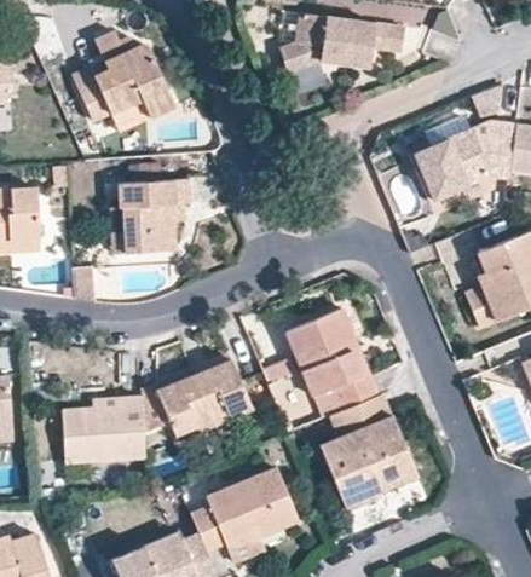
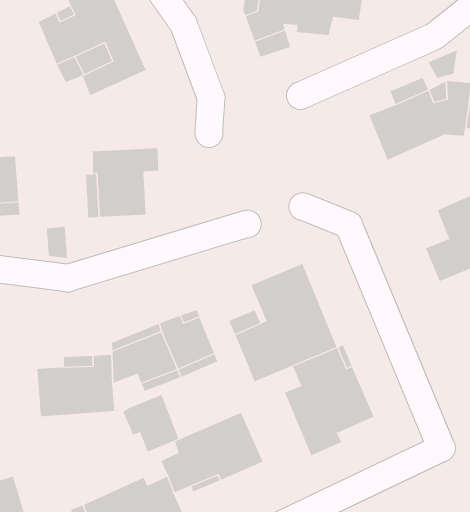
building: none -> [122,394,179,452]

